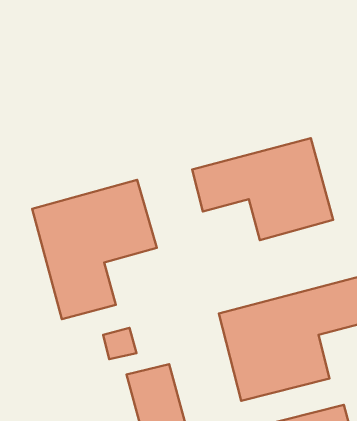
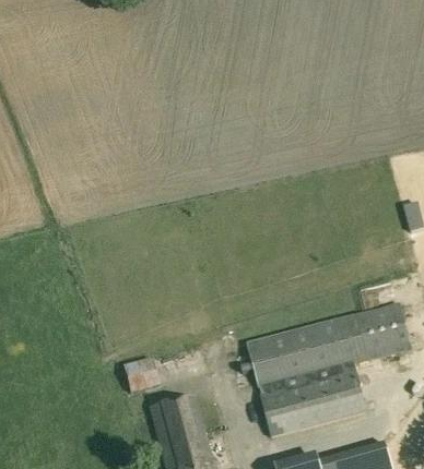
building: [192,138,333,240] -> none
building: [32,180,157,319] -> none

